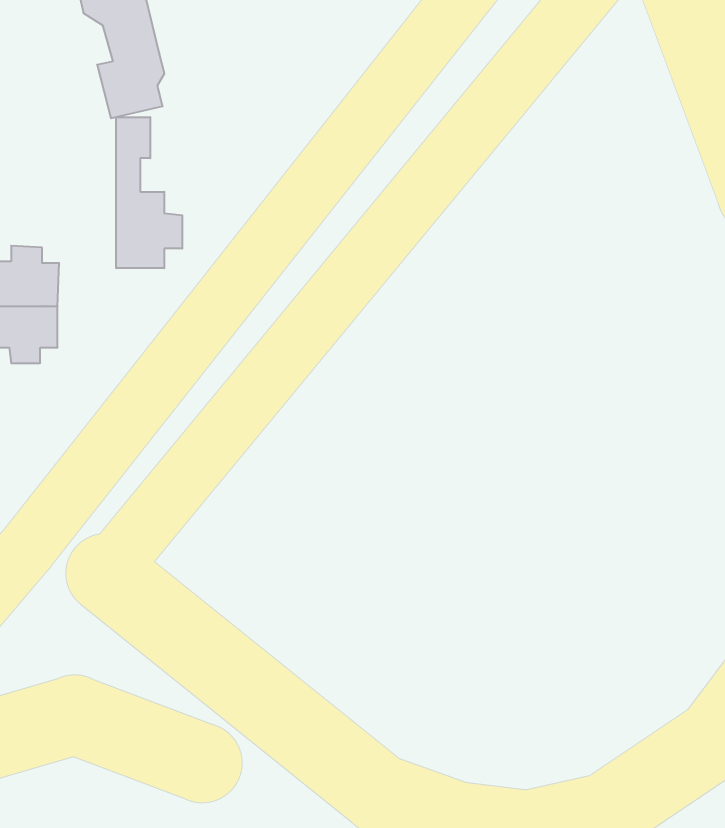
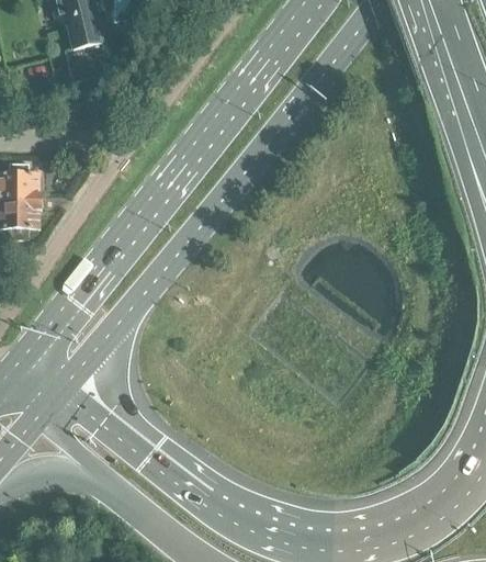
building: [116,117,182,268] -> none

